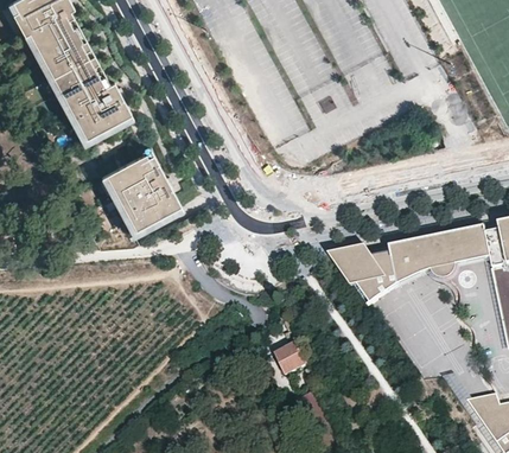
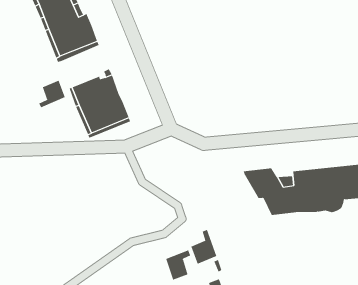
building: none -> [39,80,65,108]
building: none -> [166,250,191,280]

